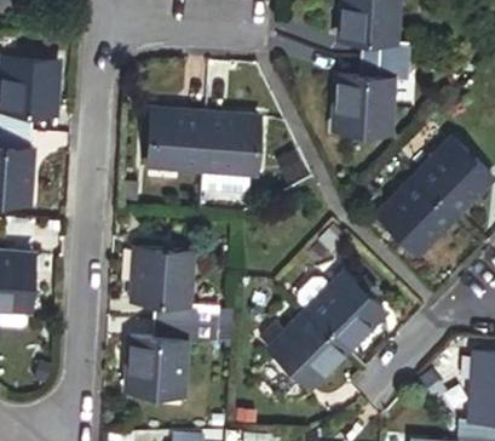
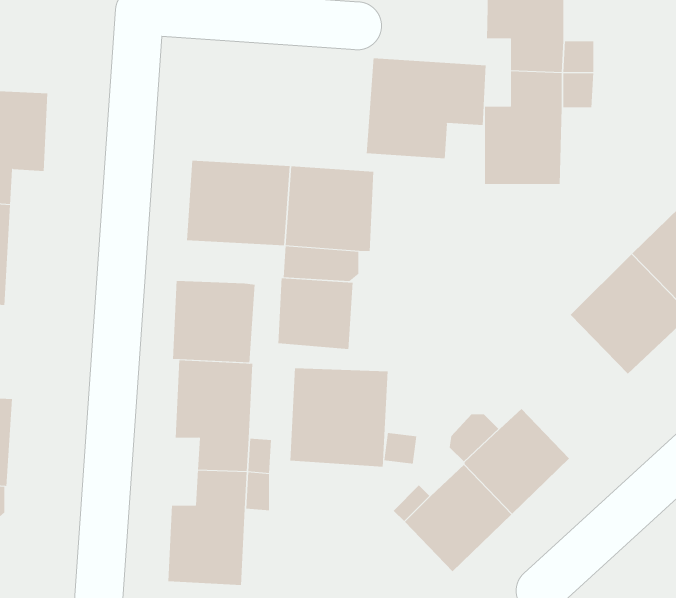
building: none -> [366,57,486,159]
building: none -> [278,278,353,350]
building: none -> [172,280,255,363]
building: none -> [290,368,388,467]

